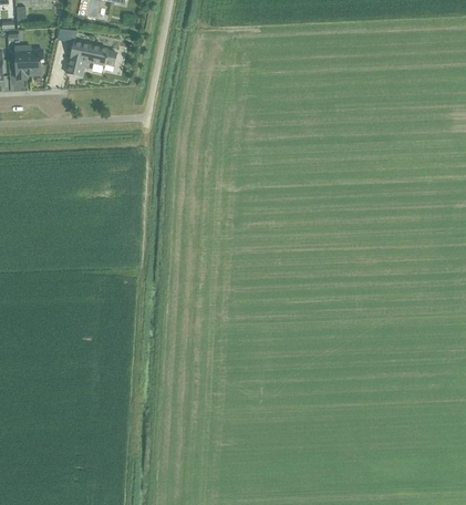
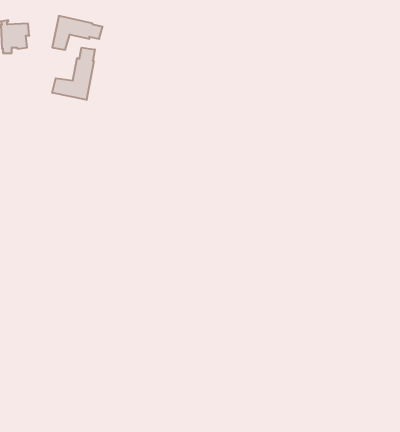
building: none -> [52,48,95,100]

